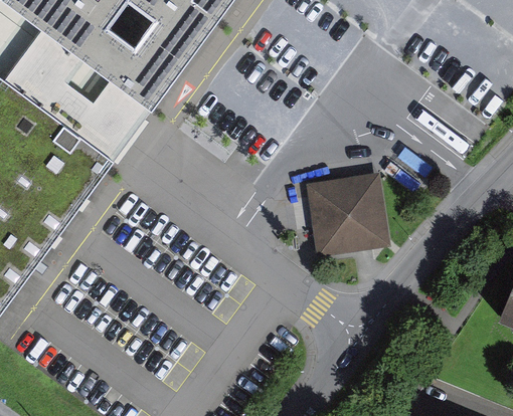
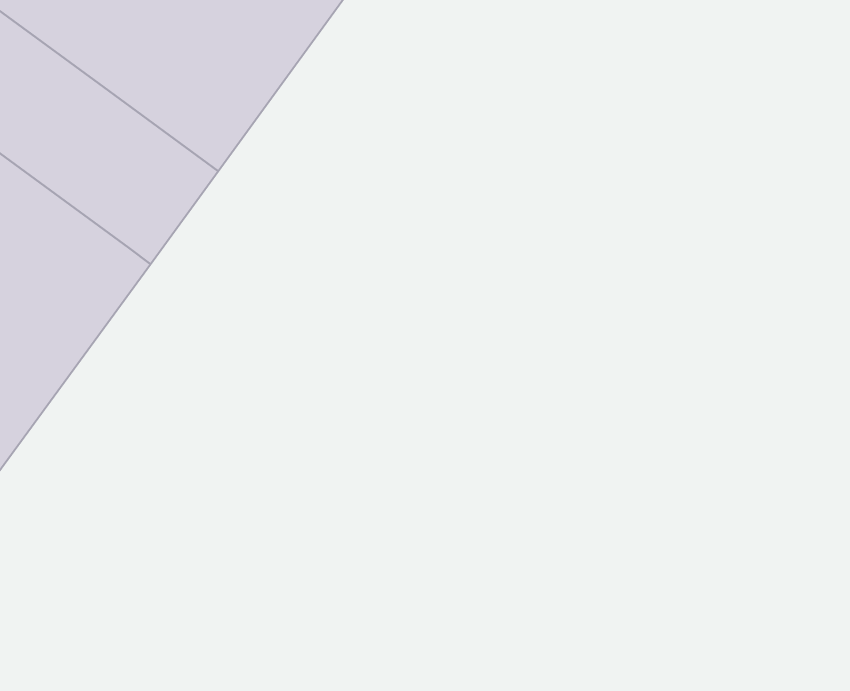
building: [308,180,378,249] -> none

